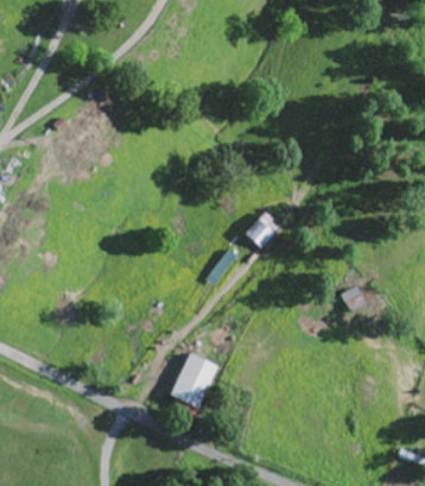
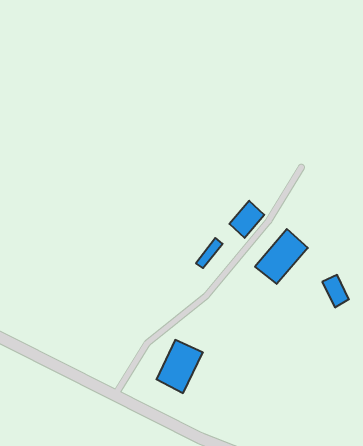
building: none -> [255,229,308,284]

